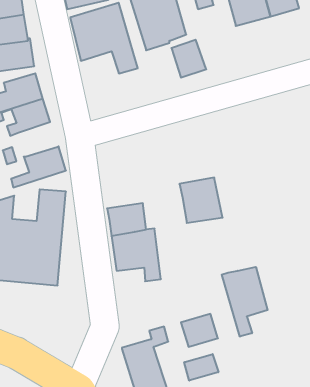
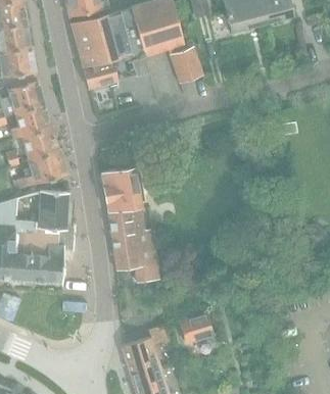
building: none -> [82,58,119,90]
building: none -> [21,127,59,160]
building: [179,178,223,223] -> [100,166,142,210]
building: [222,267,268,337] -> none
building: [184,354,218,381] -> none

